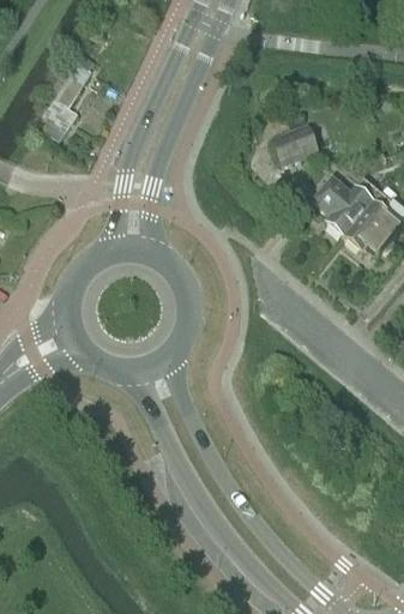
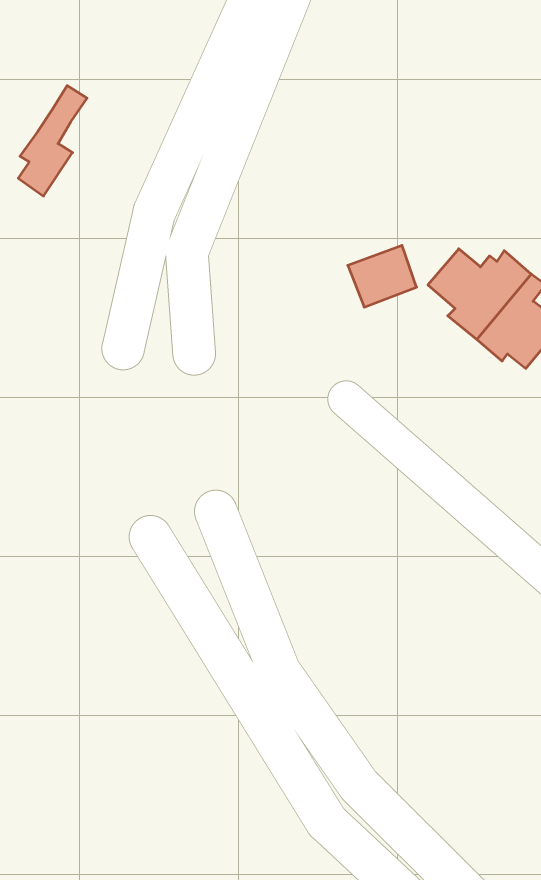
building: [272,121,318,162] -> [348,245,417,307]

